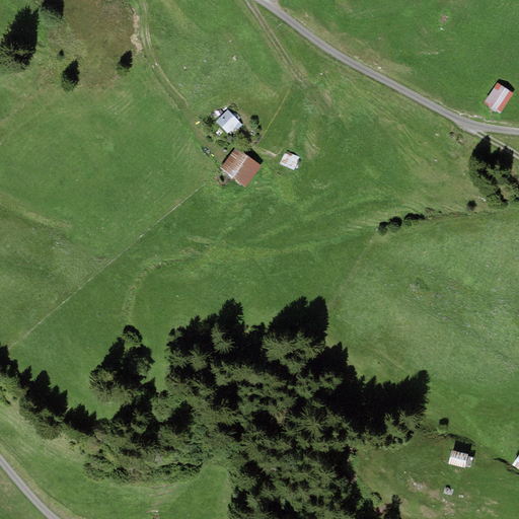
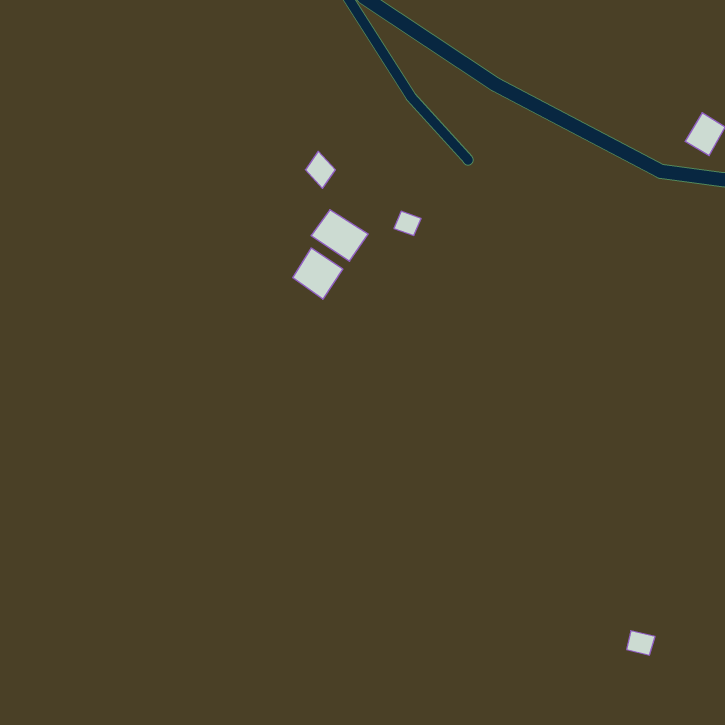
building: none -> [293,248,343,299]

